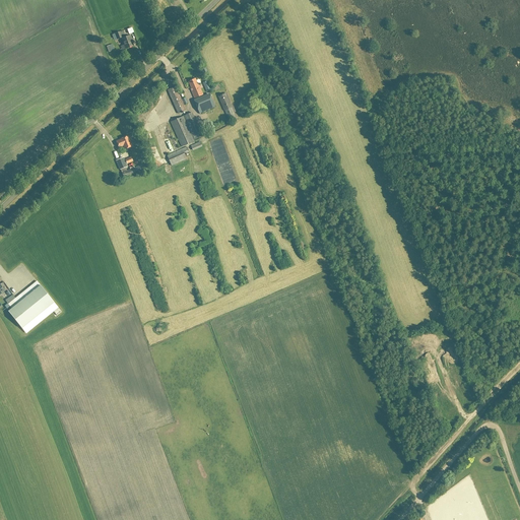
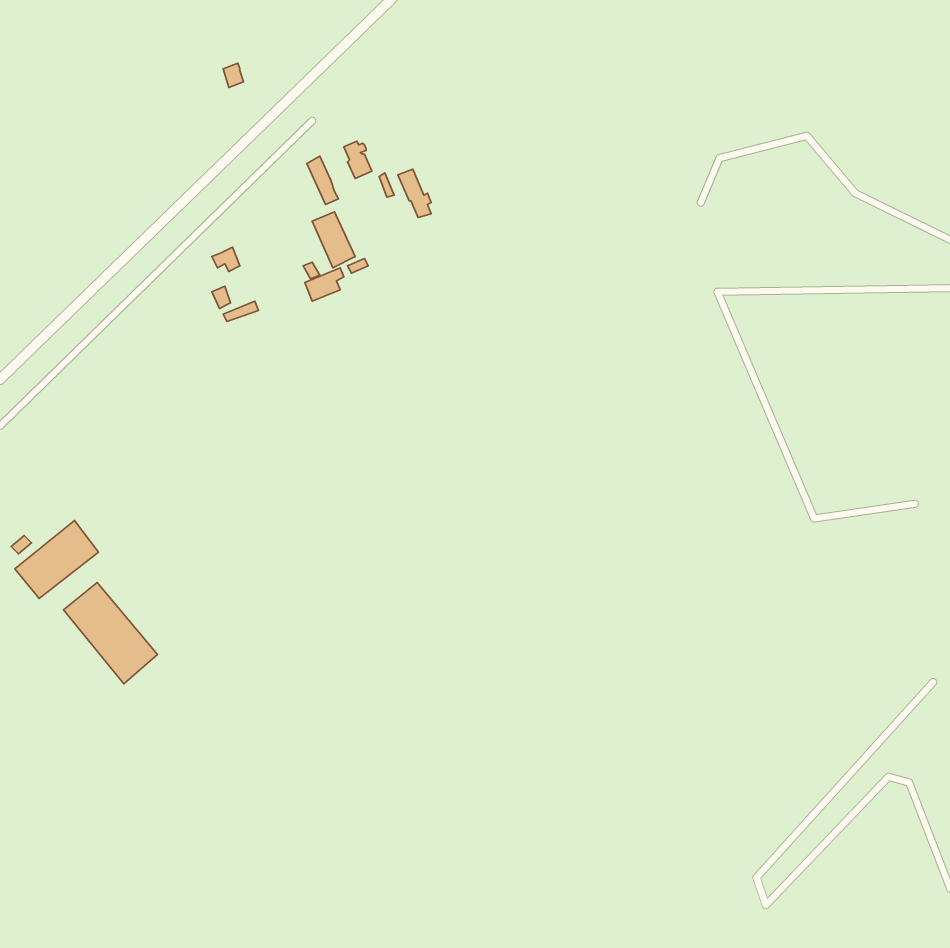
building: none -> [63,583,158,684]

